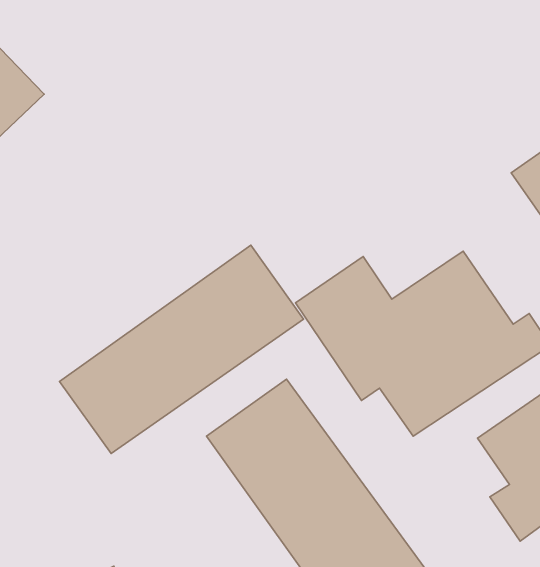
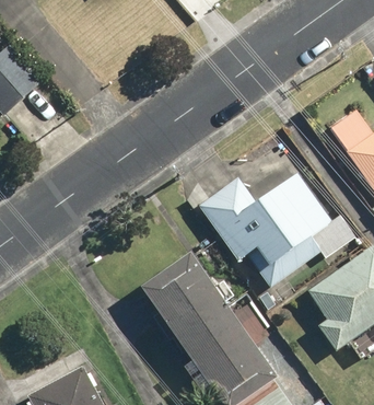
building: [60,245,304,454] -> none

